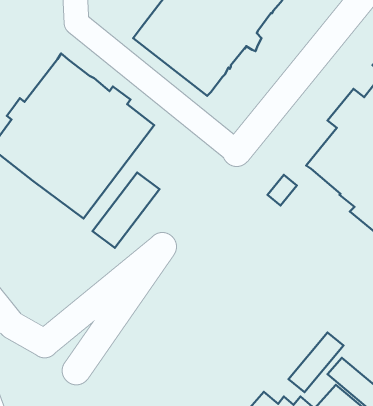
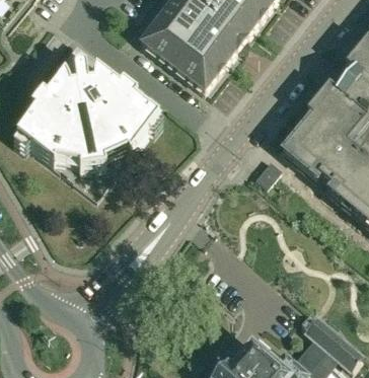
building: [93,173,159,248] -> none
building: [288,332,344,392] -> none

